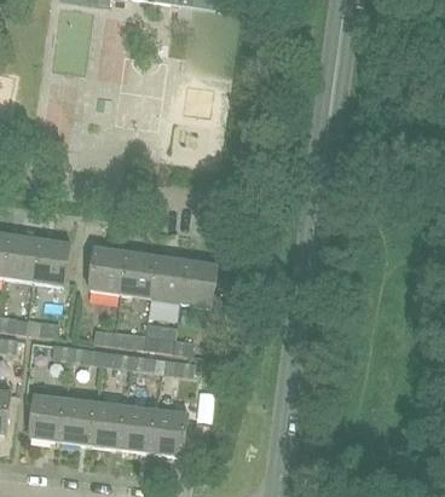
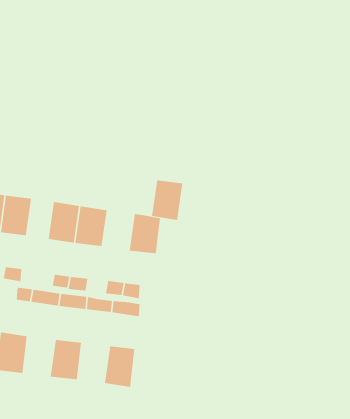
building: [150,256,186,302] -> [151,180,183,220]
building: [60,399,97,445] -> none
building: [122,406,158,452] -> none

